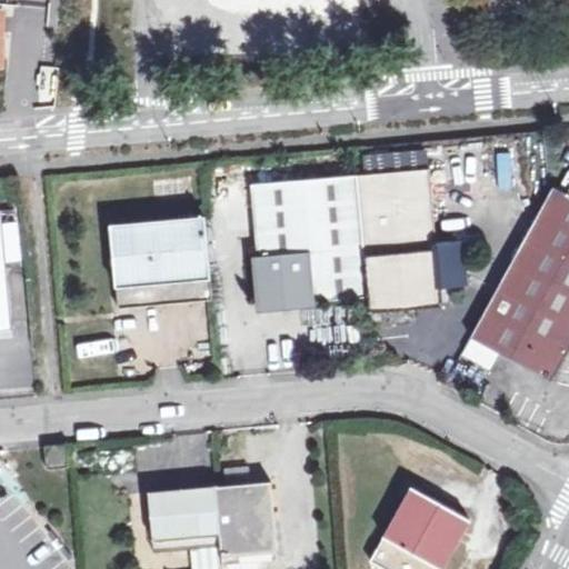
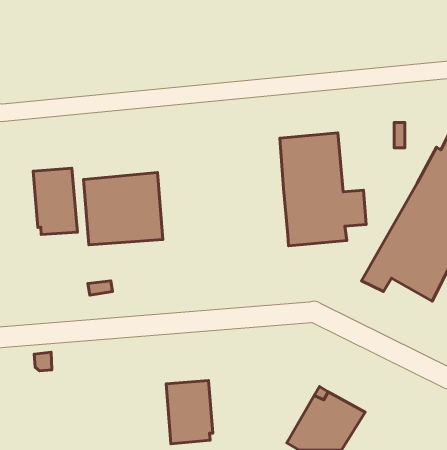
building: [249,174,367,321] -> none
building: none -> [33,168,77,235]
building: [149,485,218,550] -> none

